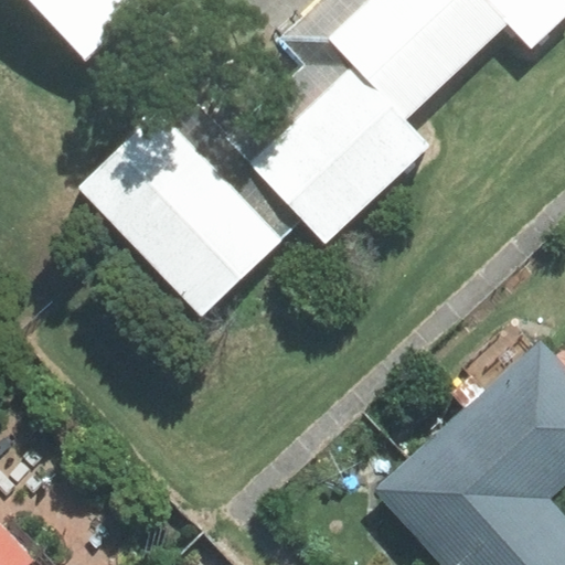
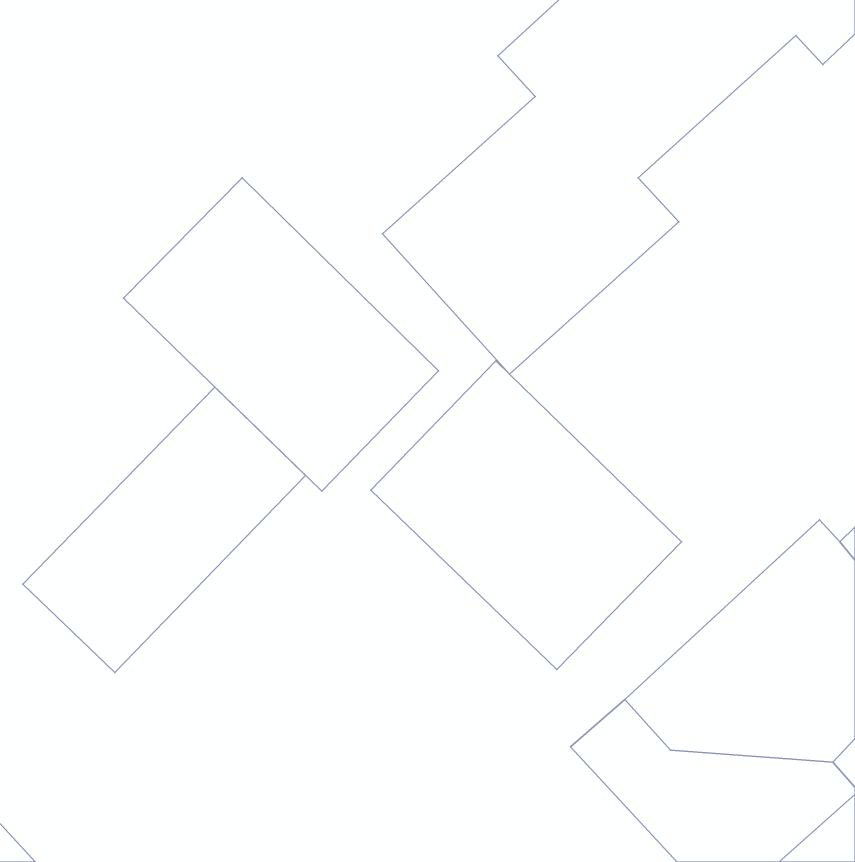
building: none -> [371,361,681,669]
building: none -> [23,387,305,672]

